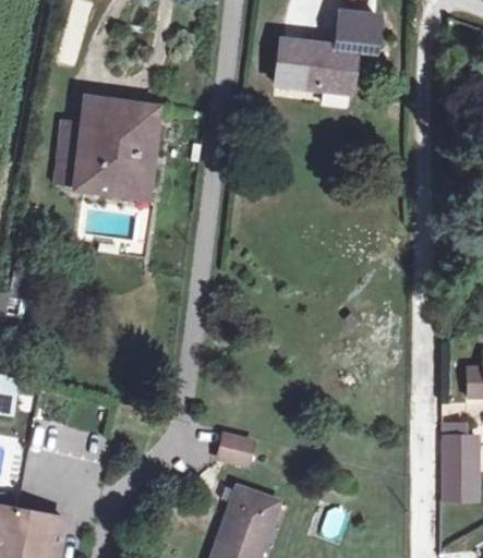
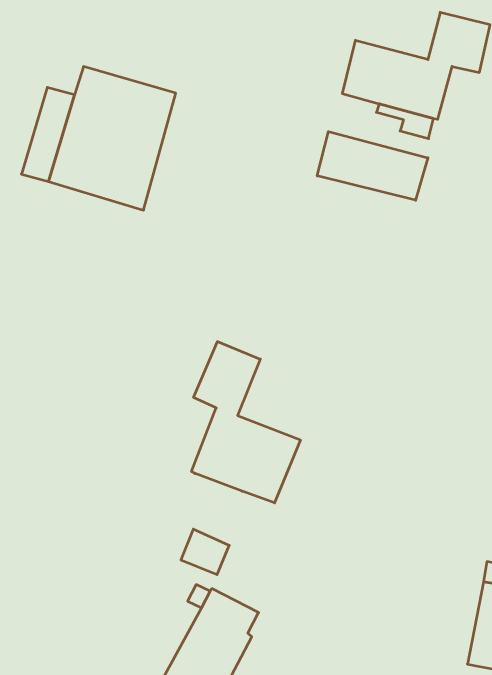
building: none -> [317,132,428,200]
building: none -> [192,342,300,503]

